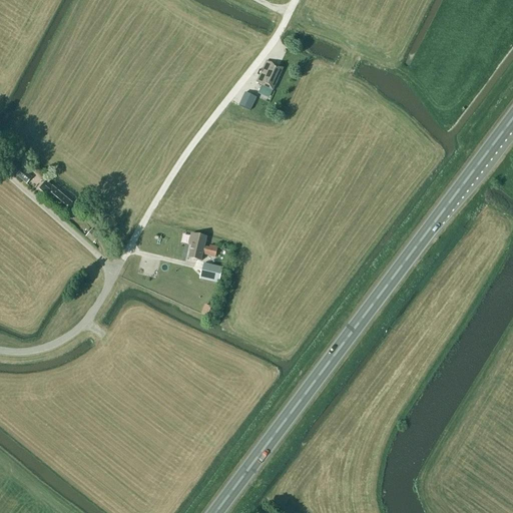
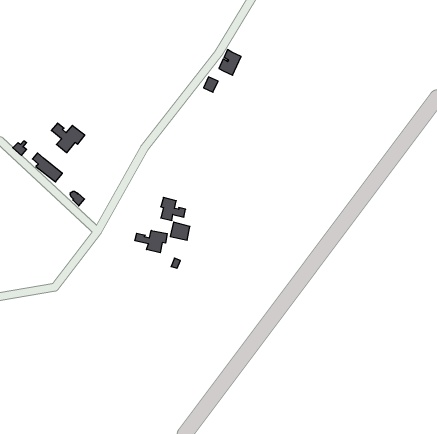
building: none -> [51,123,85,153]
building: none -> [135,230,167,253]

